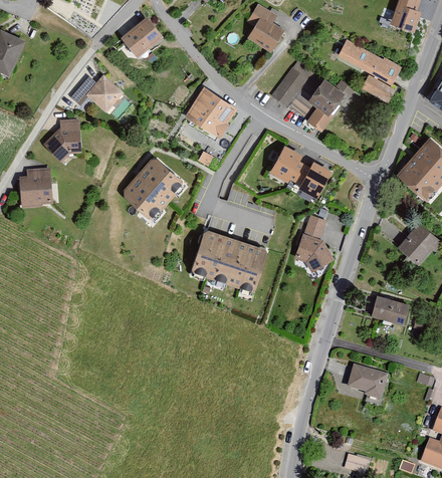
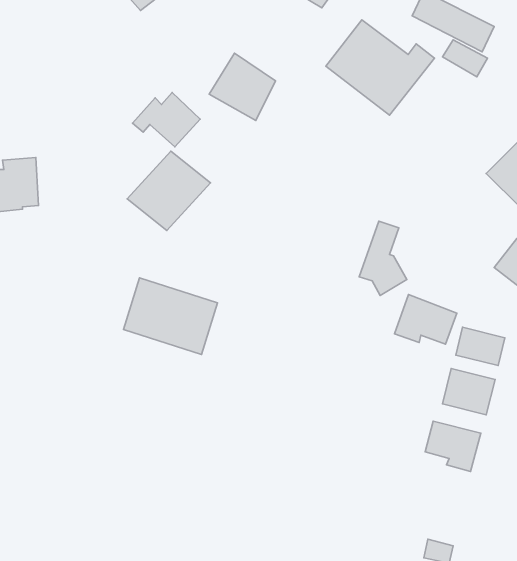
building: [71,72,123,113] -> [132,93,200,147]
building: [41,118,78,161] -> none
building: [272,146,329,195] -> none
building: [194,229,265,287] -> [123,278,218,355]
building: none -> [394,295,457,344]
building: none -> [442,369,495,415]

